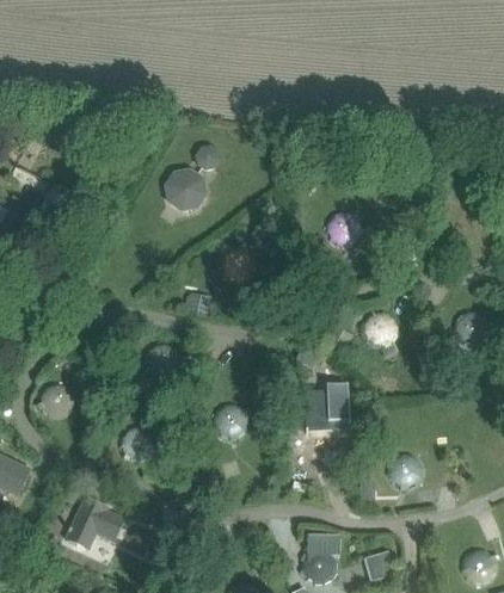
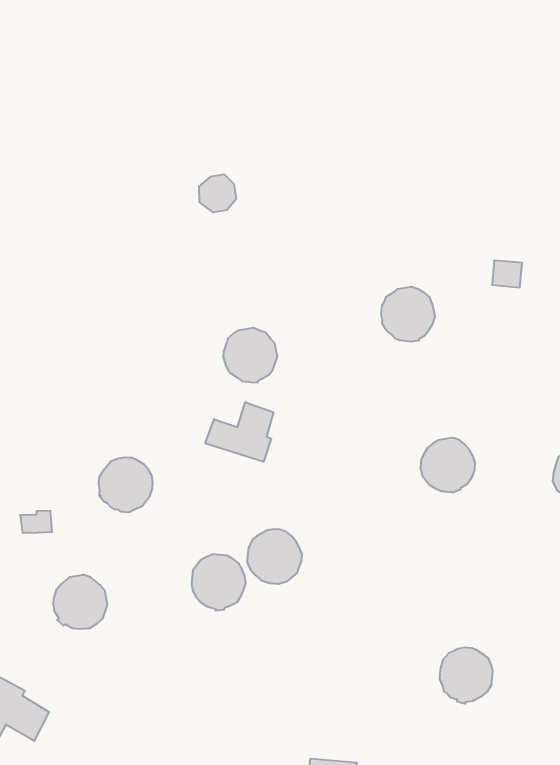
building: [168,174,204,211] -> none
building: none -> [205,402,273,462]
building: [311,385,348,422] -> [247,529,302,584]

